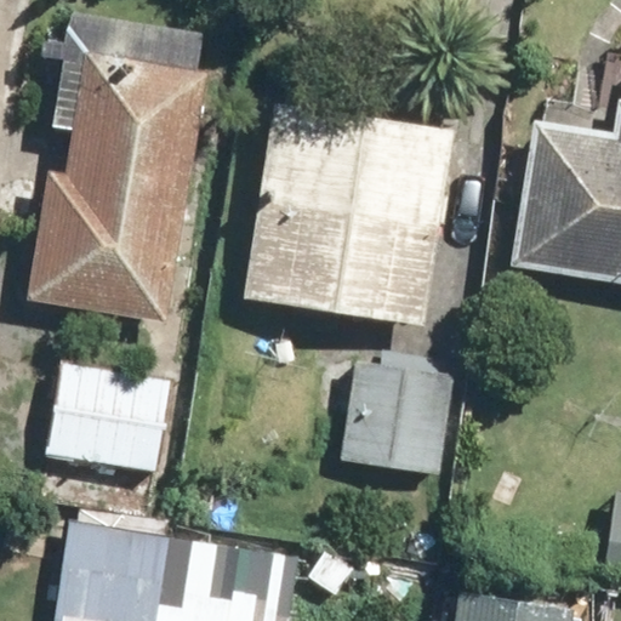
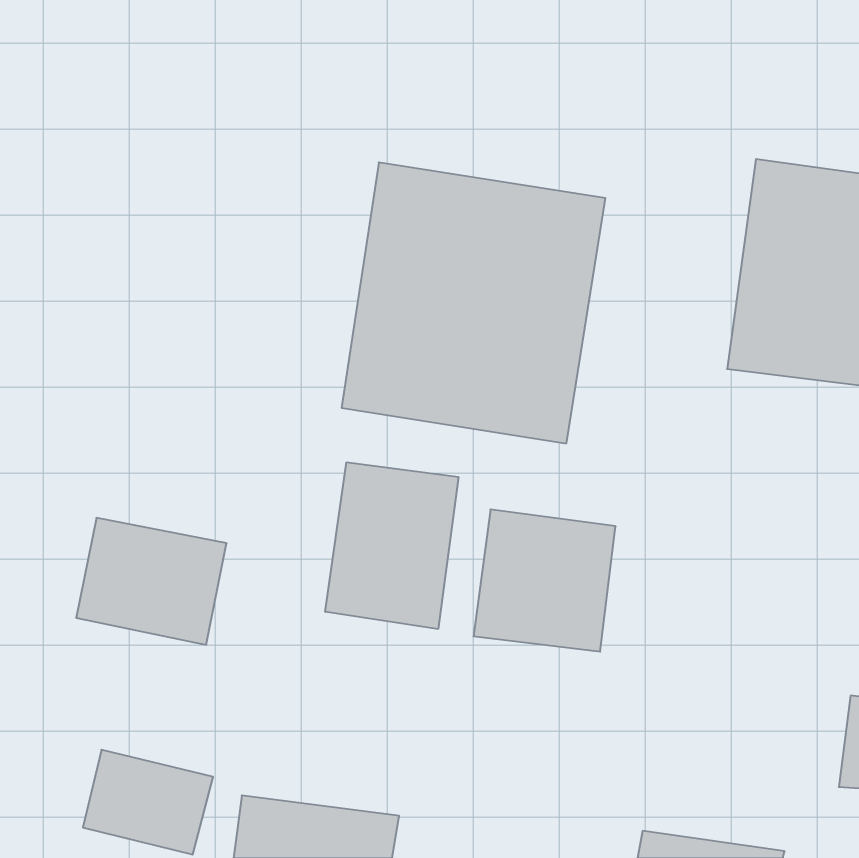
building: [42,64,194,319] -> none
building: none -> [325,462,458,629]

